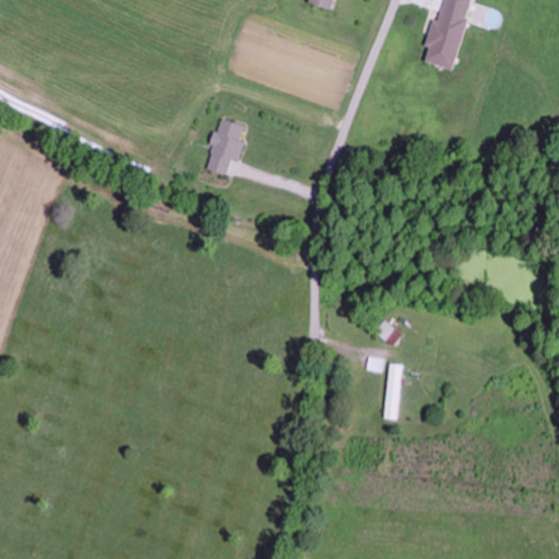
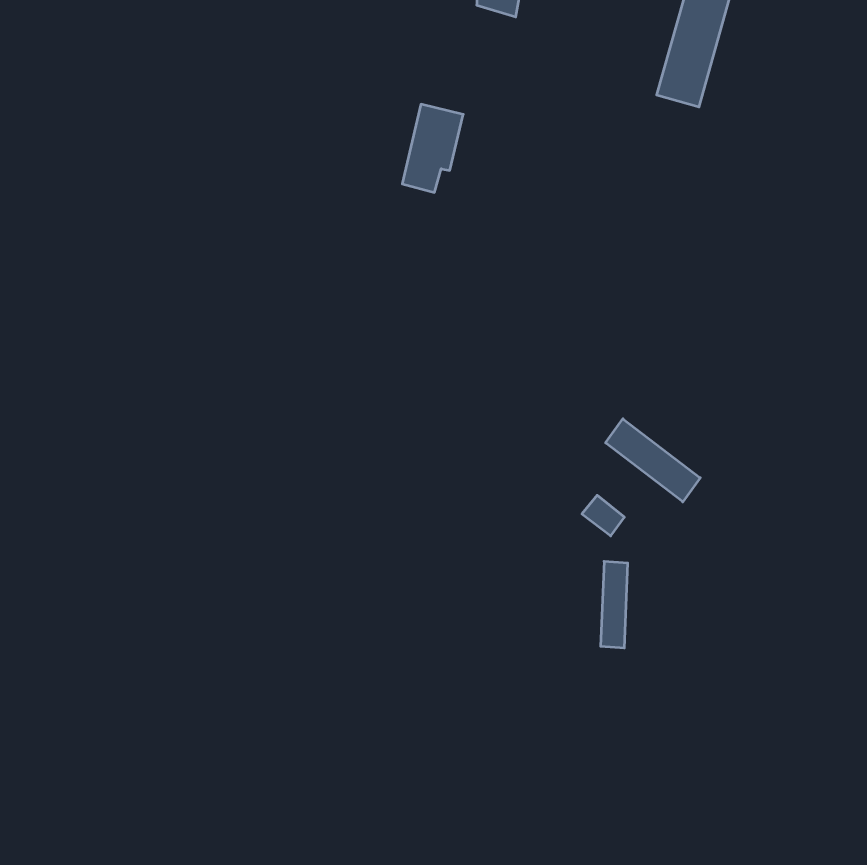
building: [205,118,245,175] -> [402,104,463,192]
building: none -> [606,419,700,502]

